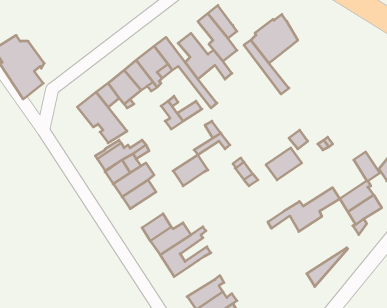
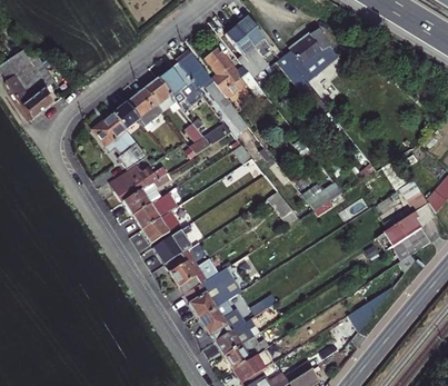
building: [173,155,208,186] -> [152,229,191,264]
building: [268,188,340,232] -> none
building: none -> [199,307,255,340]

